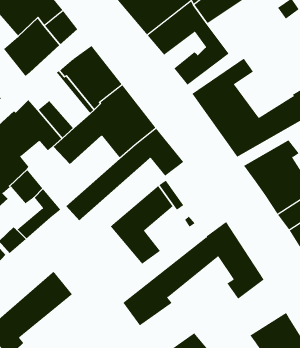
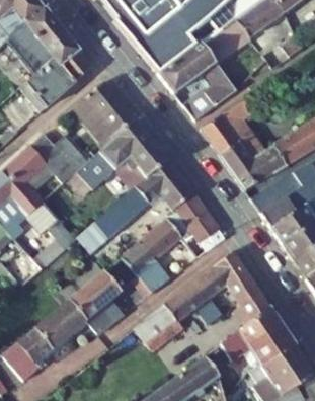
building: none -> [178,196,225,250]
building: none -> [68,269,124,334]
building: none -> [219,306,291,360]

